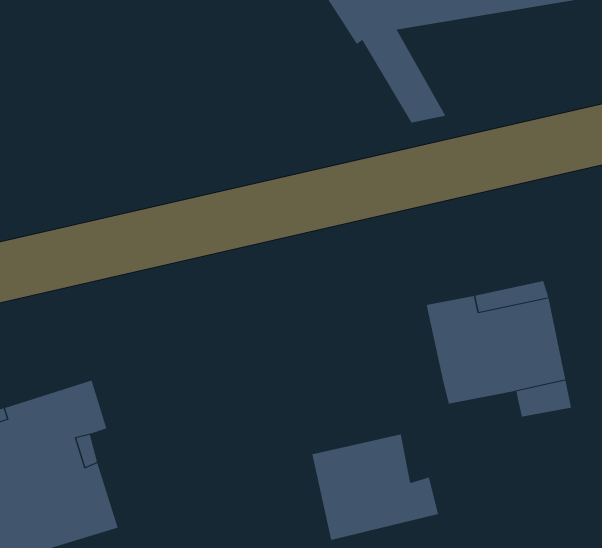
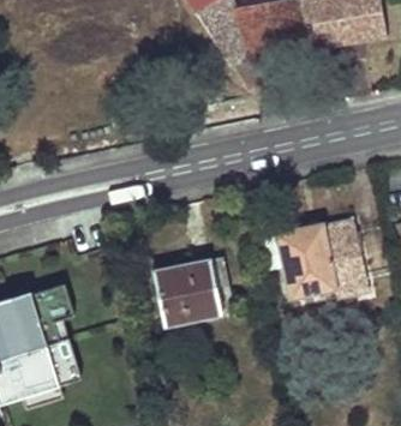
building: [312,434,439,540] -> [154,259,235,328]

